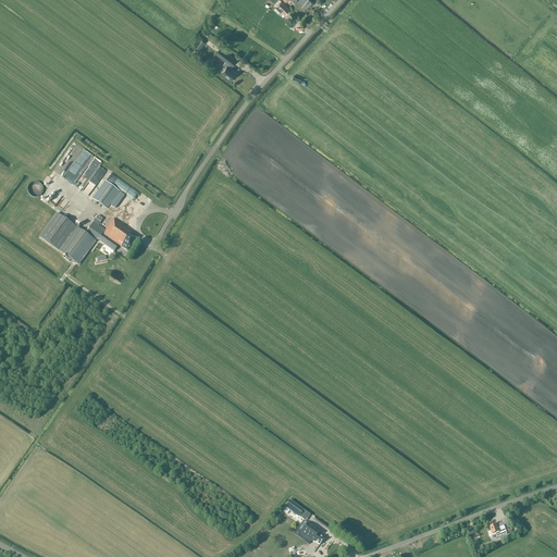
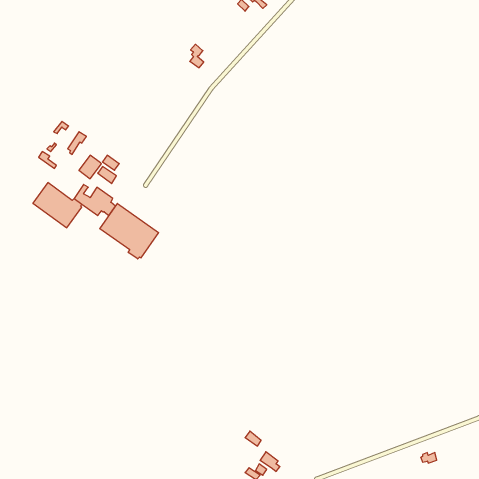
building: none -> [100,203,159,259]

